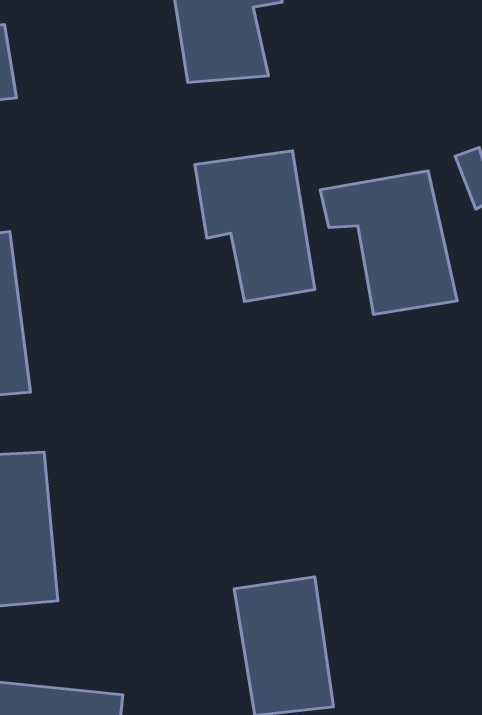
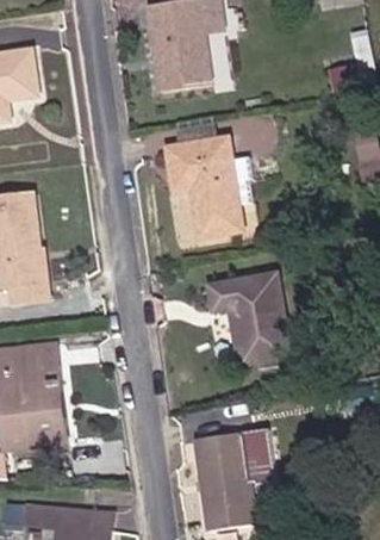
building: [320,171,457,315] -> [203,272,298,372]

